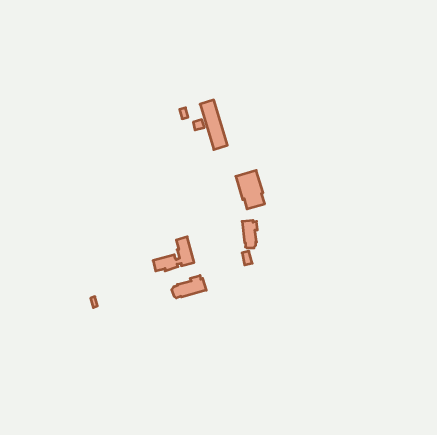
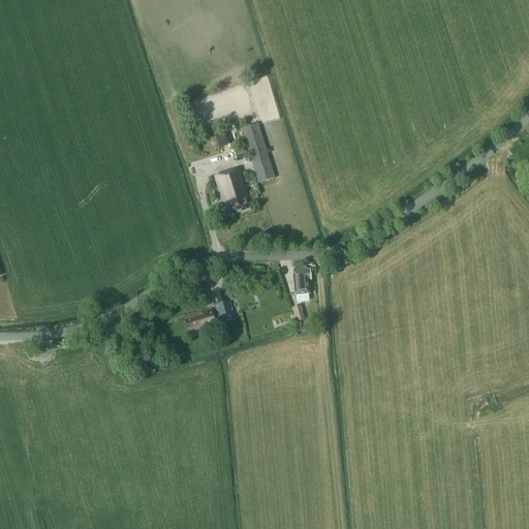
building: [236,170,265,209] -> [215,167,250,214]
building: [172,275,206,298] -> none

